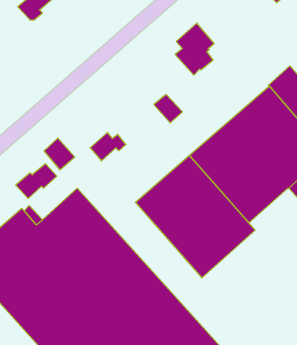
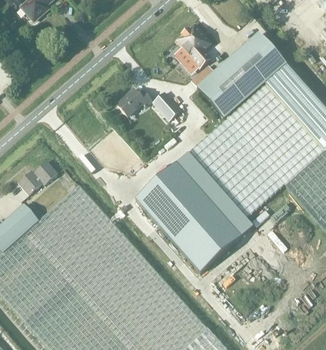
building: none -> [191,34,286,120]
building: [90,132,126,161] -> [117,90,152,118]
building: [44,138,75,170] -> none

